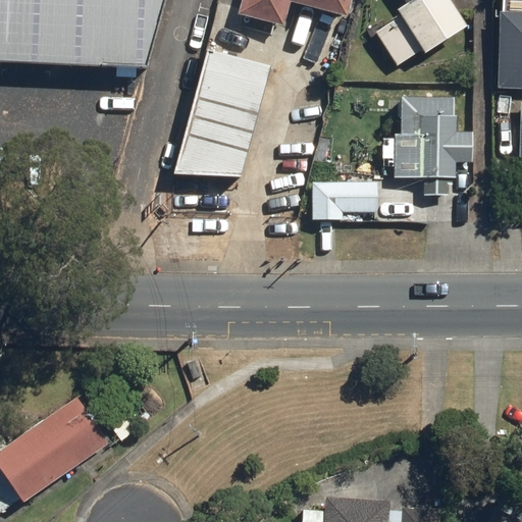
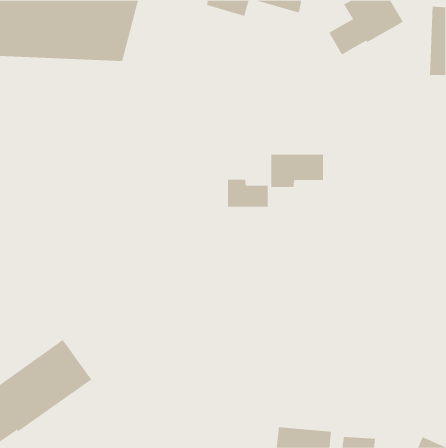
building: [175,47,272,175] -> none
building: [382,93,473,194] -> none
building: none -> [227,179,268,207]

